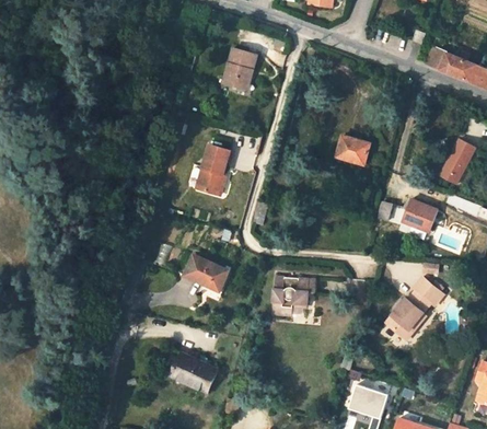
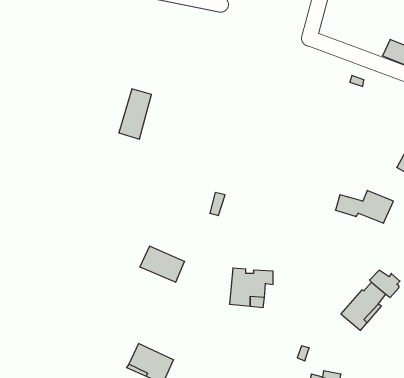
building: [223,47,255,86] -> none
building: [335,137,368,161] -> none
building: [196,143,229,194] -> [119,89,151,139]

